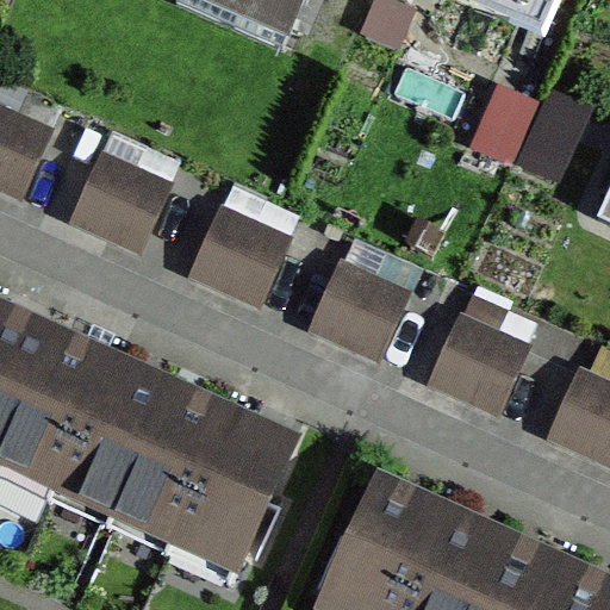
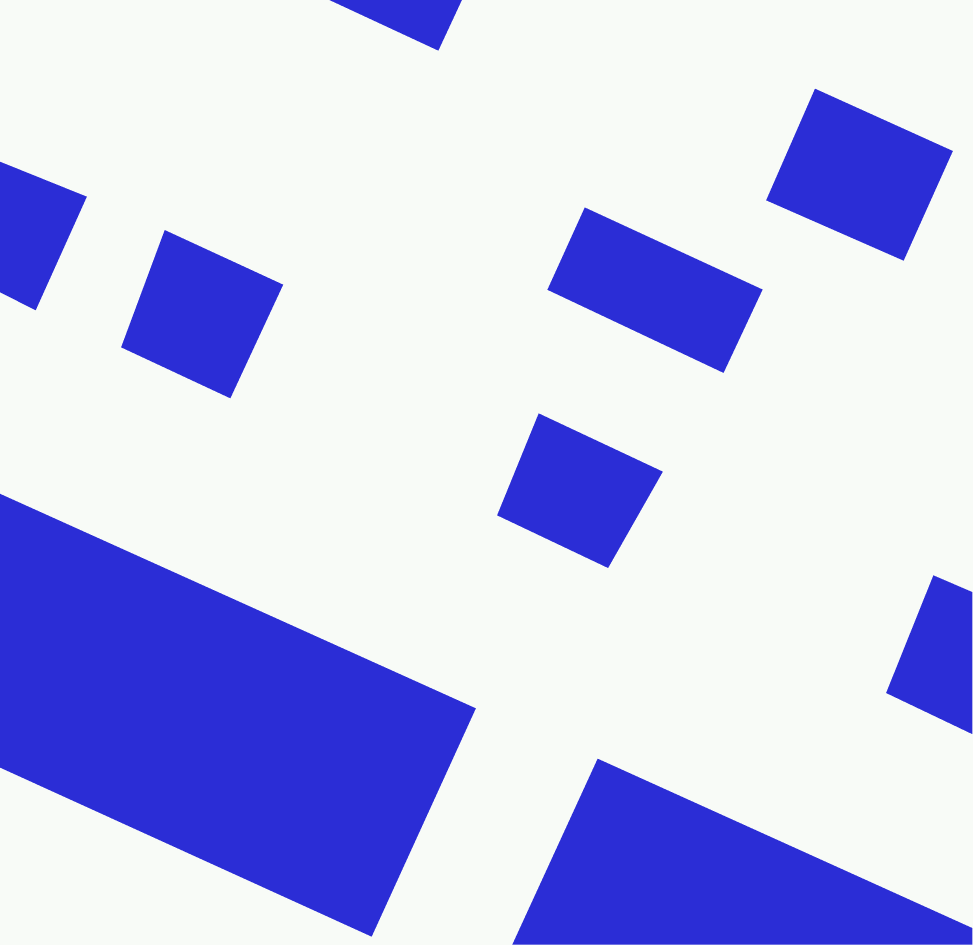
building: none -> [546,206,763,374]
building: [193,200,297,300] -> none
building: [427,310,537,410] -> none

